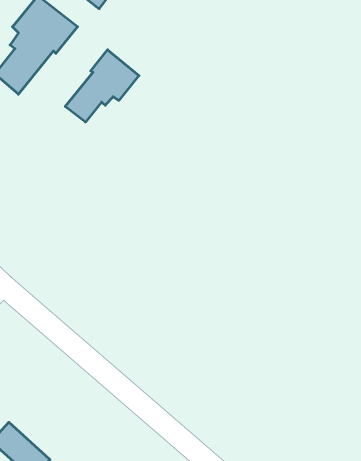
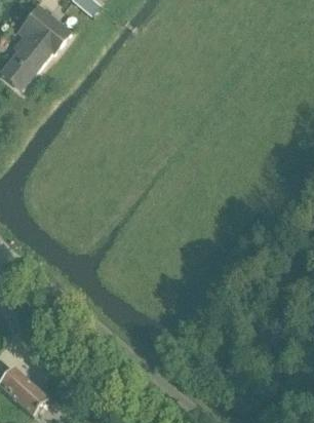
building: [65,50,139,122] -> none

